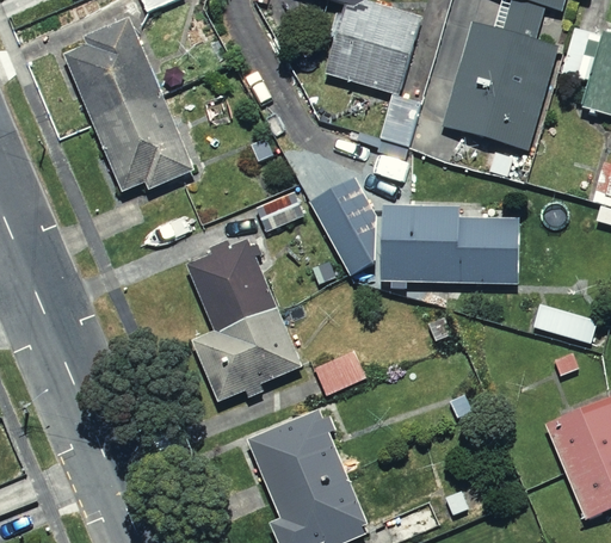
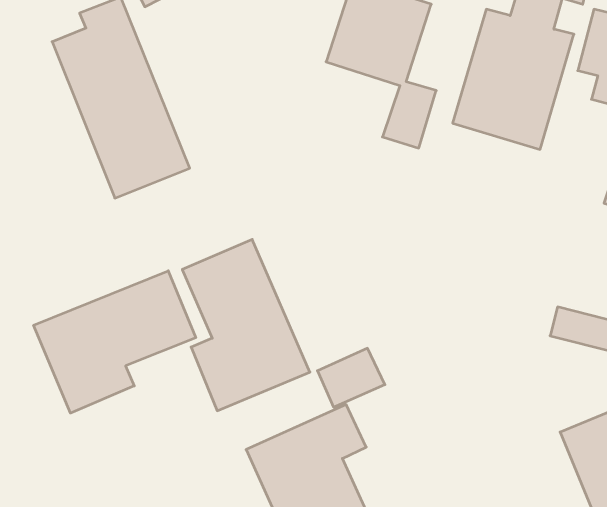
building: [326,181,527,292] -> none
building: none -> [34,271,196,413]

